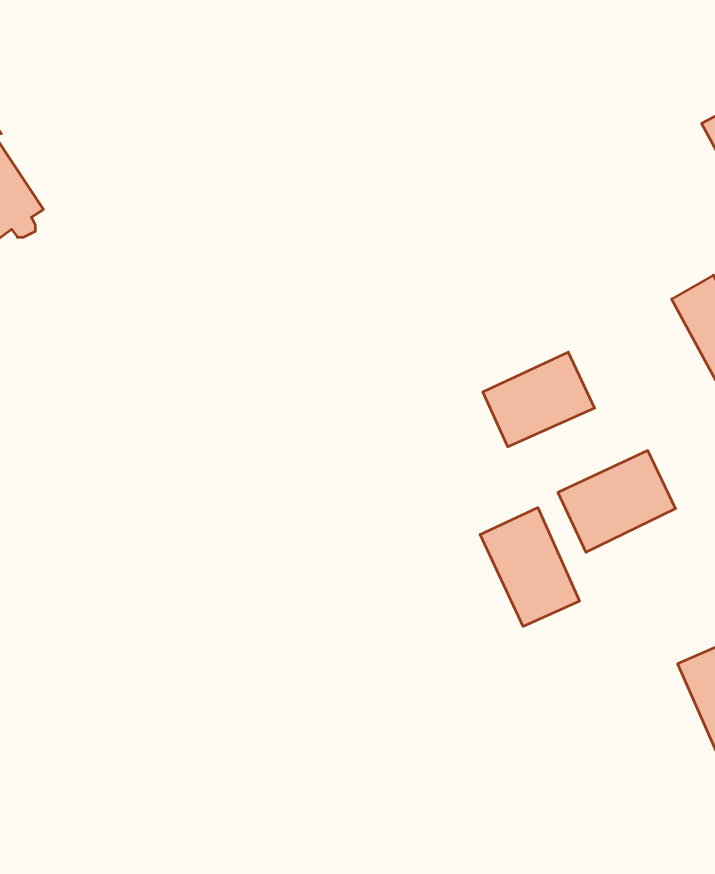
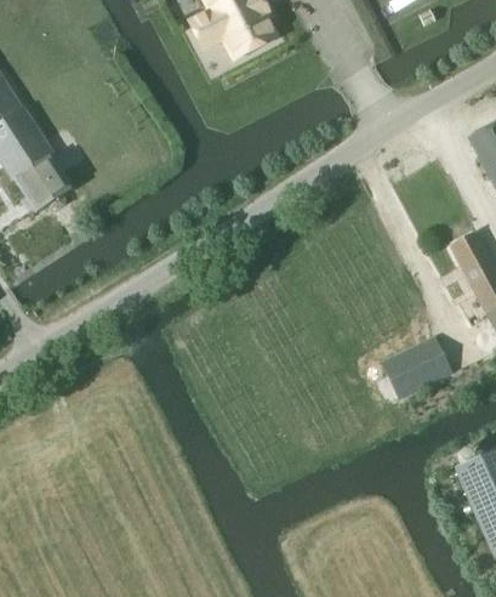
building: [483,352,595,447] -> none
building: [480,508,579,626] -> none

